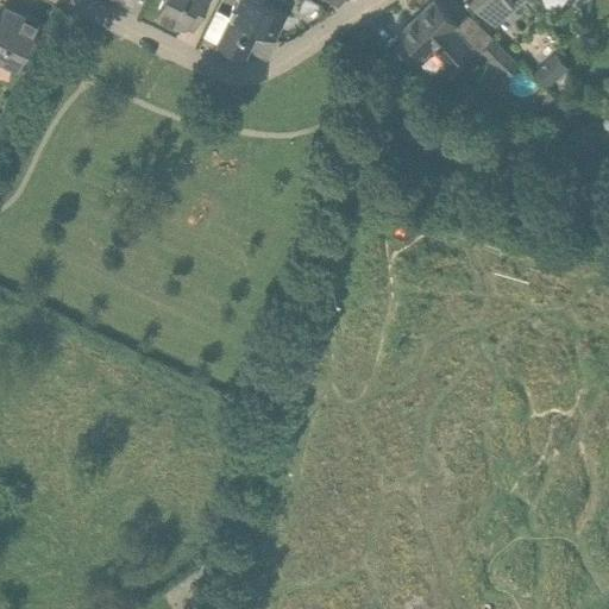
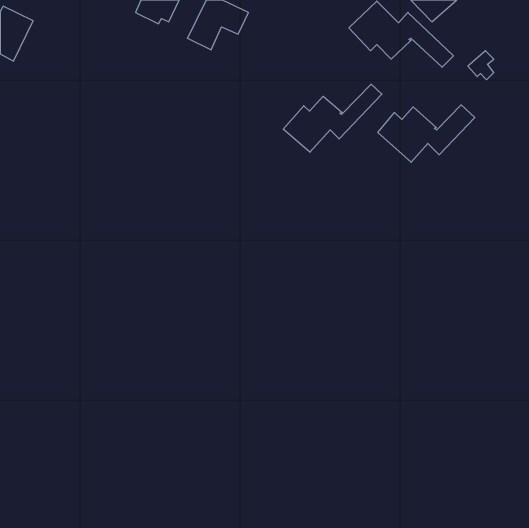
building: none -> [283,84,382,152]
building: none -> [378,105,475,162]

